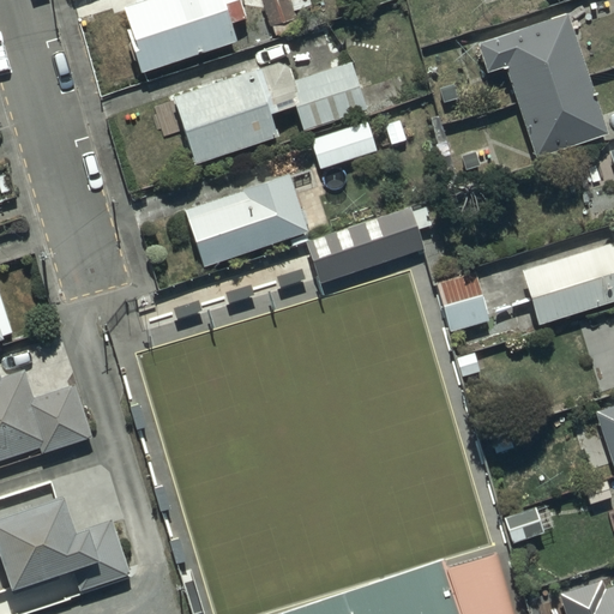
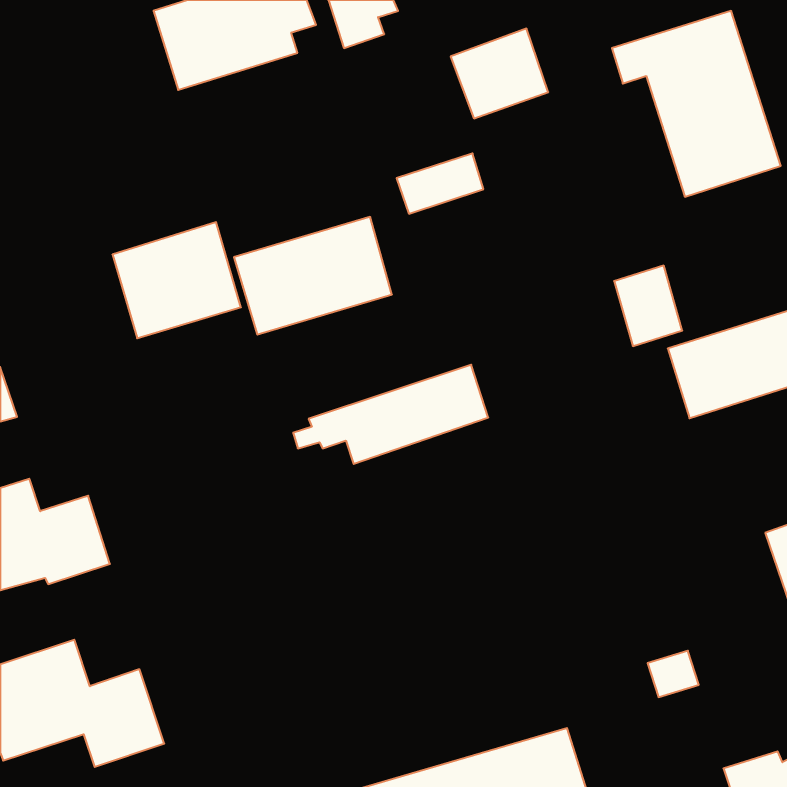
building: [291,64,367,133] -> [451,29,548,118]
building: [174,72,273,162] -> [112,222,241,338]
building: [273,205,425,282] -> [293,365,488,464]
building: [438,273,490,336] -> [614,266,682,346]

